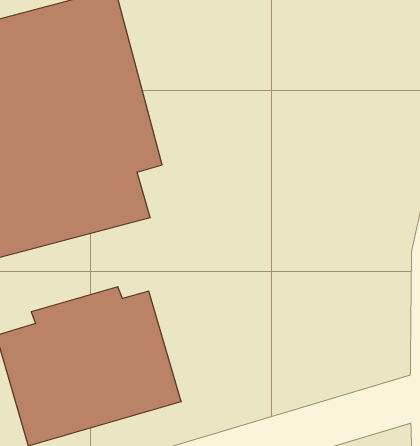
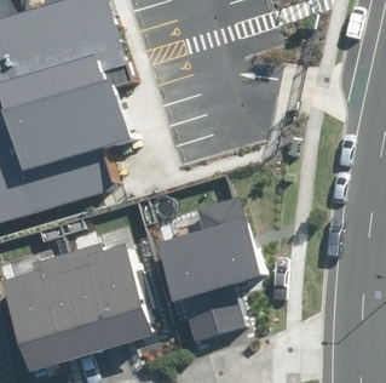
building: none -> [152,198,257,342]

